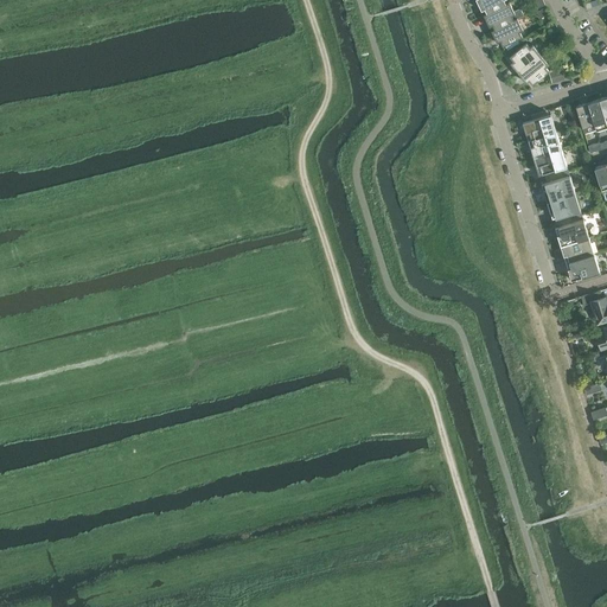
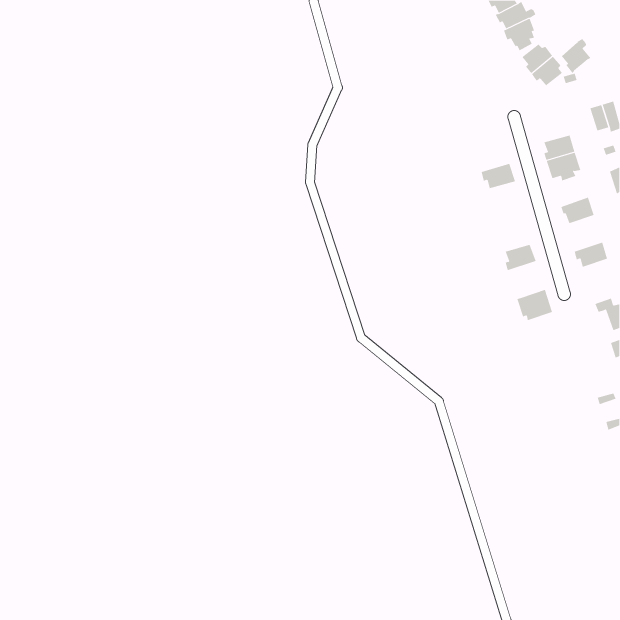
building: none -> [561,38,591,74]
building: [522,115,556,140] -> [481,163,516,189]
building: [541,173,574,203] -> none
building: [557,221,588,247] -> [505,244,536,271]
building: [564,254,600,285] -> [516,289,553,321]

